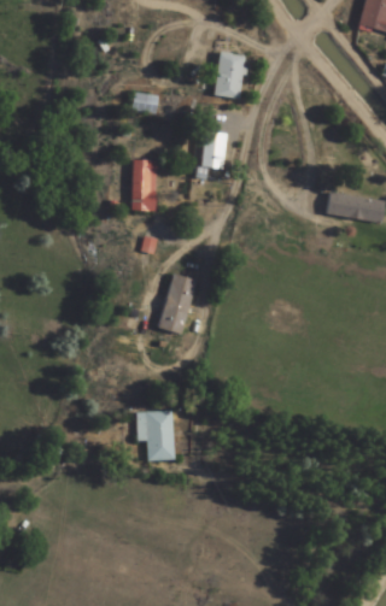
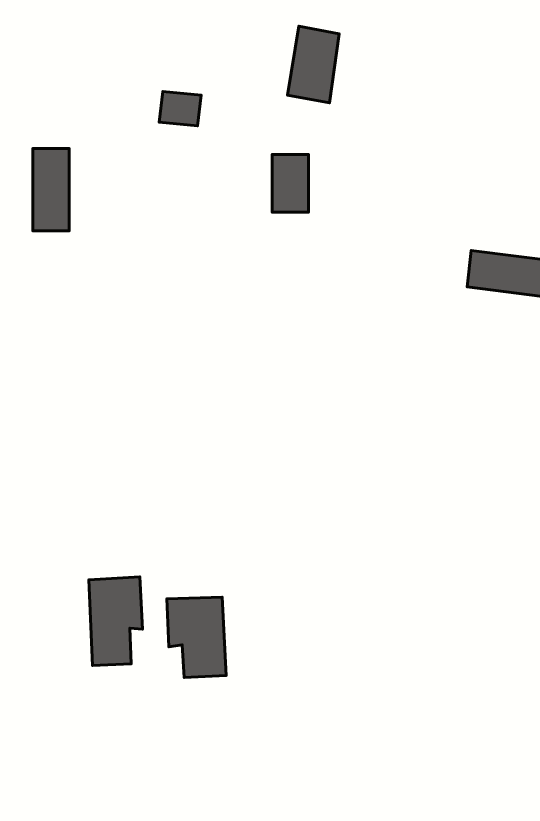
building: [133,159,156,211] -> [33,149,69,231]
building: [157,273,198,335] -> none
building: none -> [89,577,142,666]

